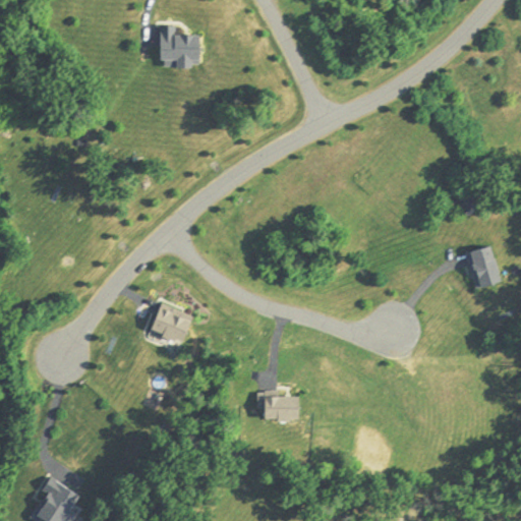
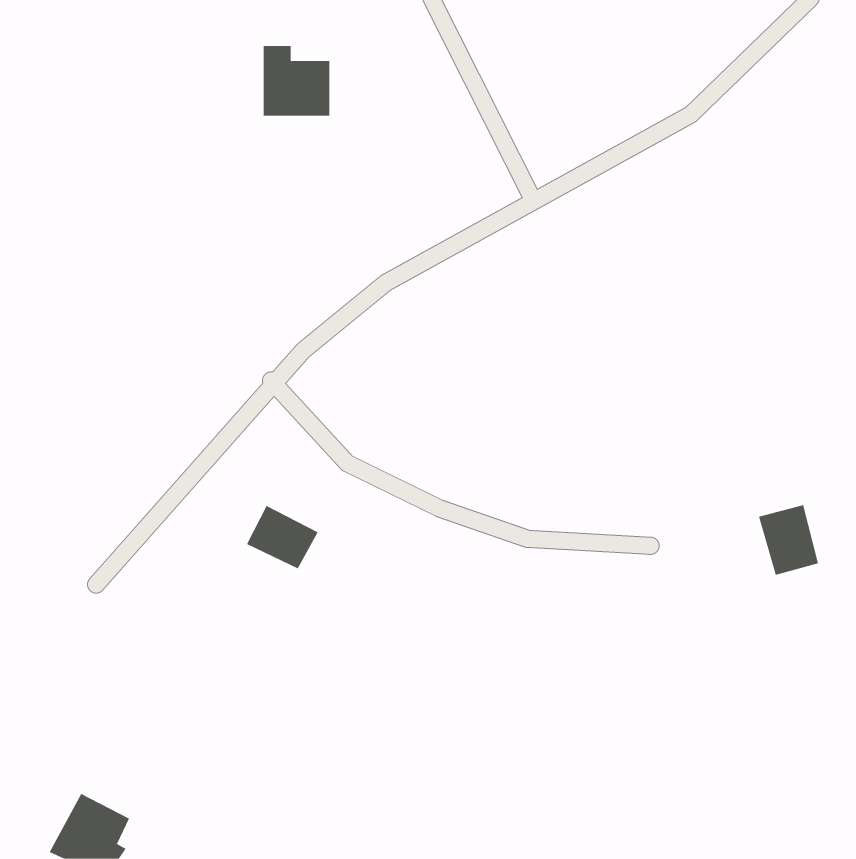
building: [464,246,501,289] -> [758,505,819,575]
building: [259,394,299,421] -> none

